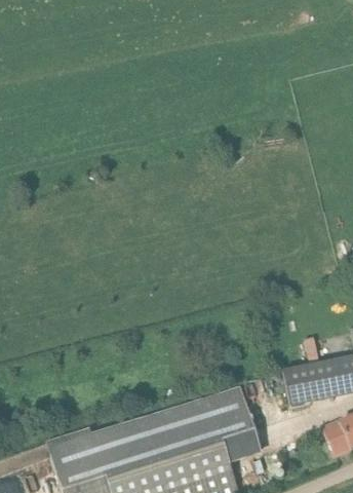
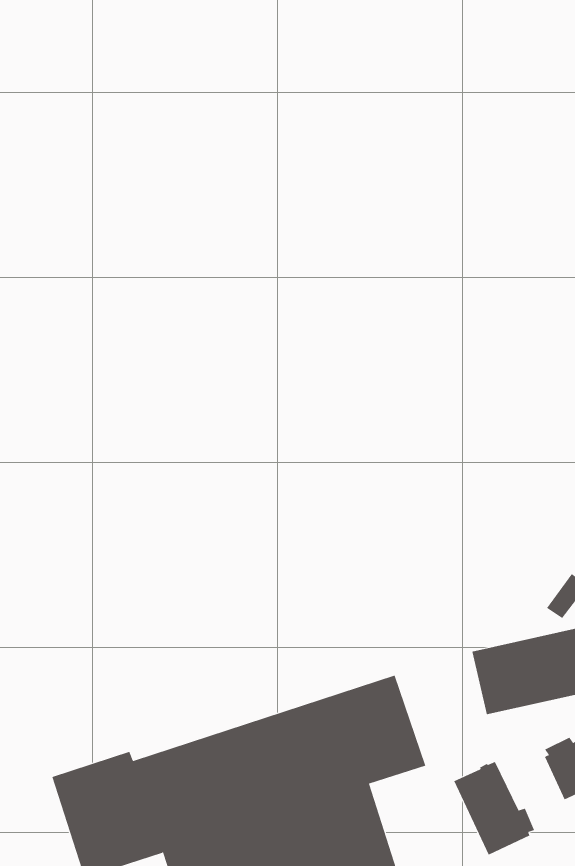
building: none -> [454,761,535,856]

